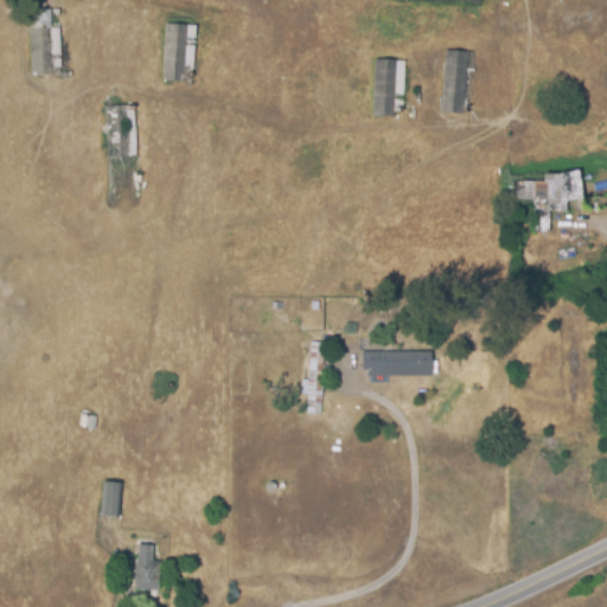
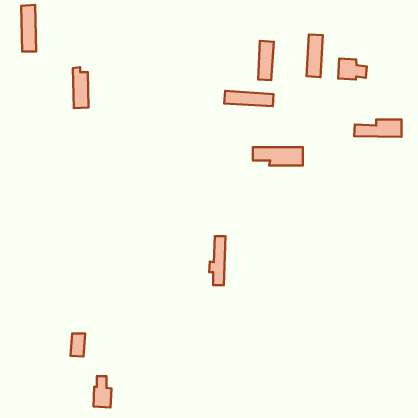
building: [164,23,189,78] -> none
building: none -> [338,58,367,79]
building: none -> [224,91,274,106]
building: [364,351,436,377] -> [253,147,303,165]

